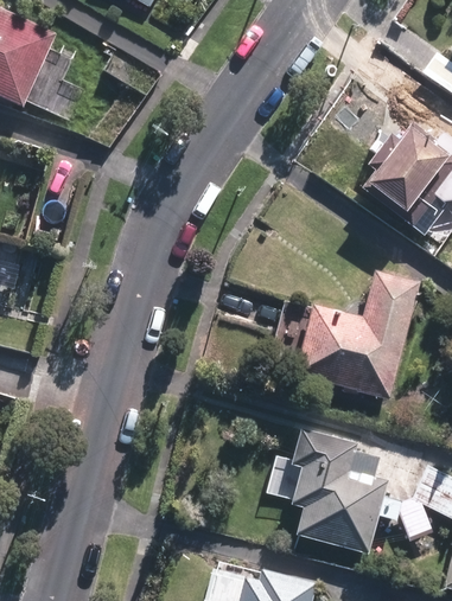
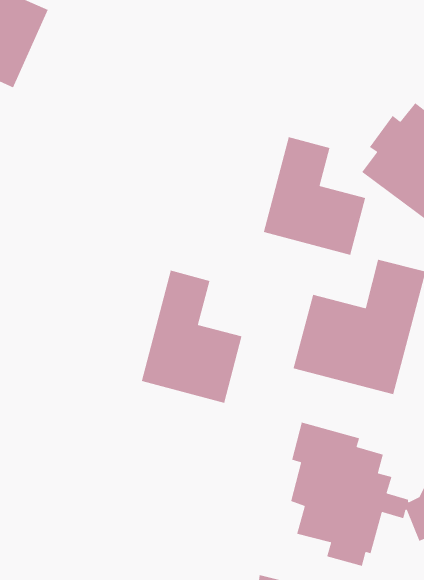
building: none -> [263,136,366,256]
building: none -> [141,269,242,404]

